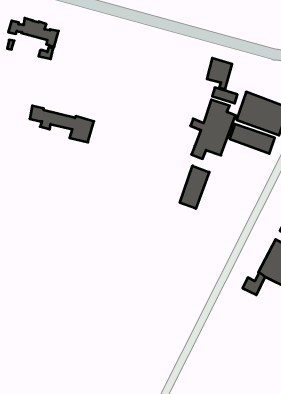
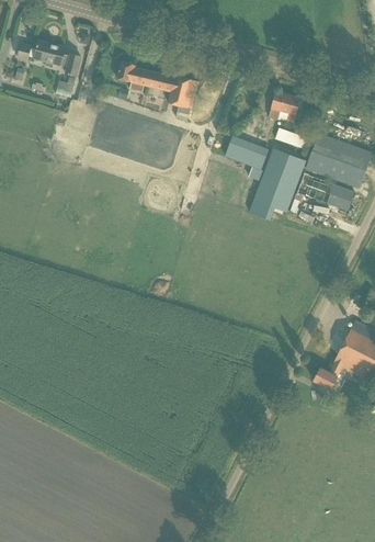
building: none -> [227,135,270,170]
building: [30,106,94,142] -> [117,61,198,108]
building: [180,166,209,209] -> none

